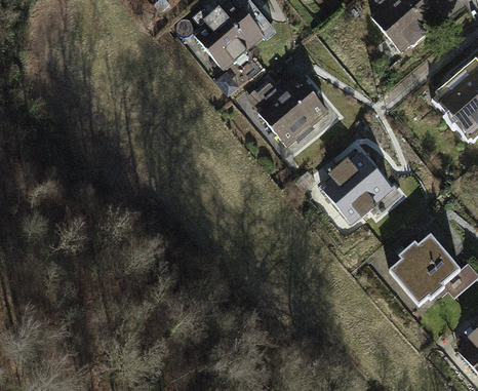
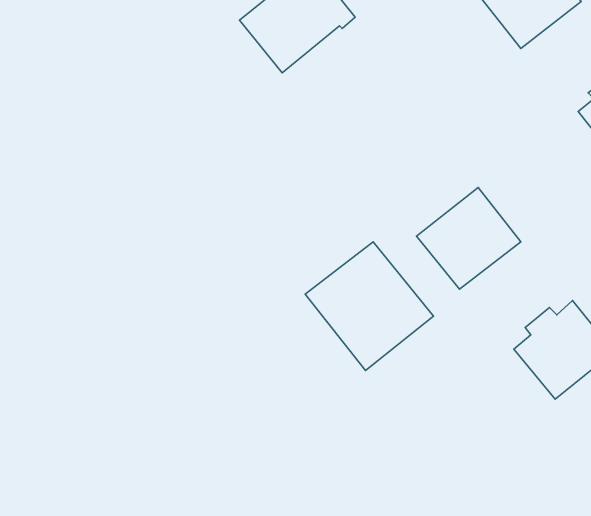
building: [256,75,329,147] -> none
building: none -> [305,242,434,370]

